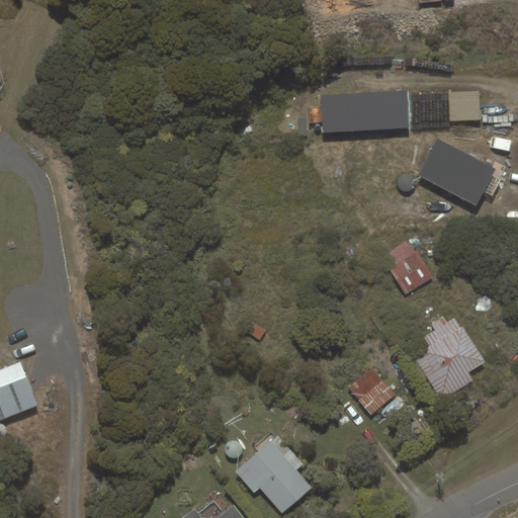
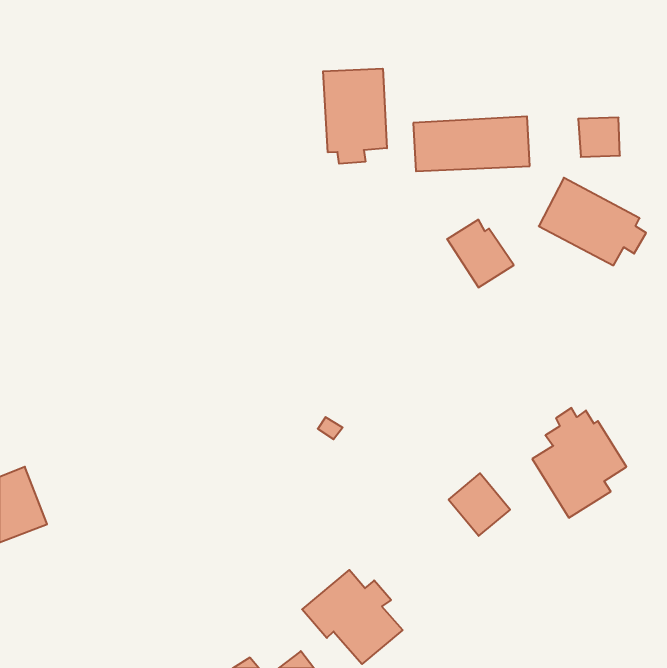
building: none -> [323,69,387,164]
building: [380,241,432,293] -> [447,220,514,287]

